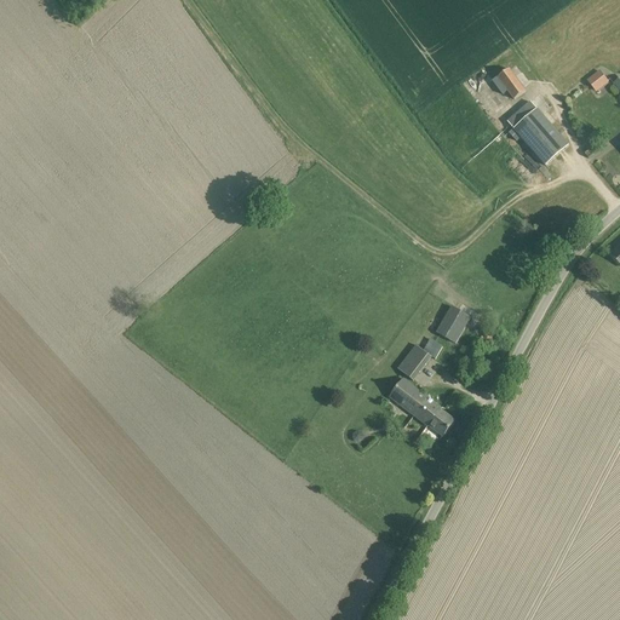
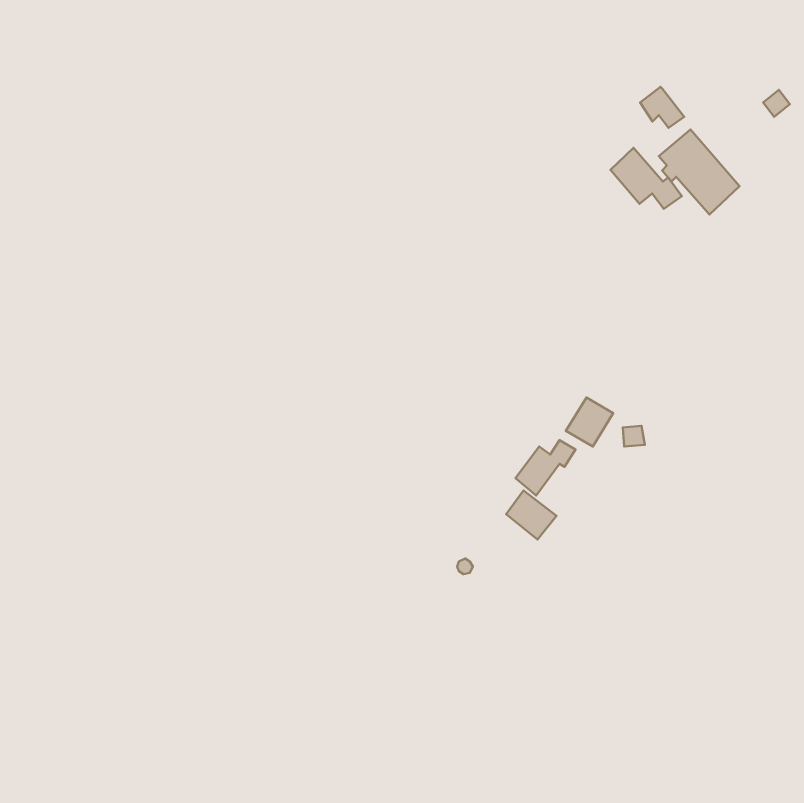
building: none -> [611,148,682,209]
building: [413,396,455,436] -> none

